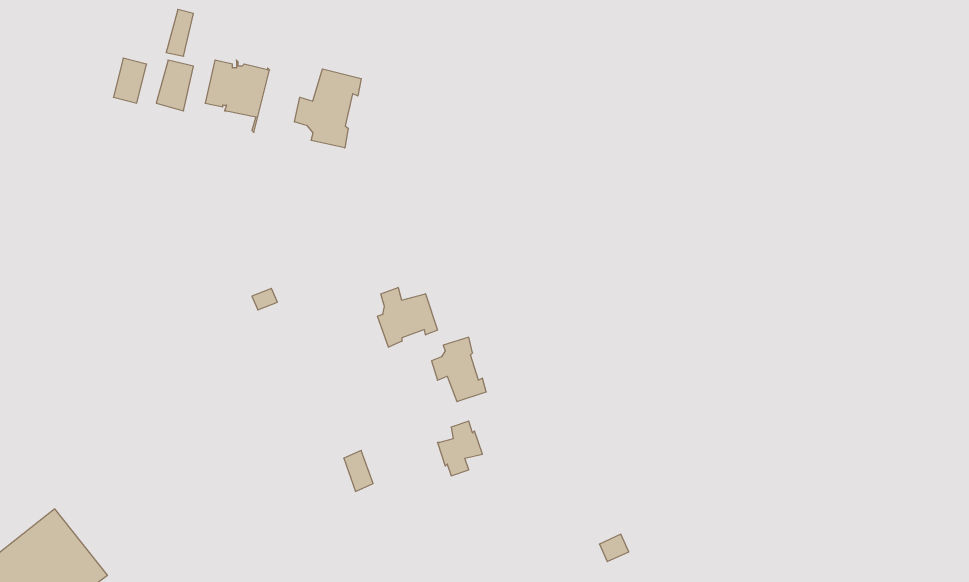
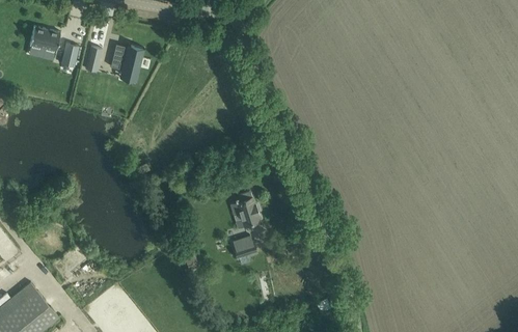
building: none -> [29,26,60,59]
building: [294,69,361,148] -> none
building: [378,287,437,347] -> none

